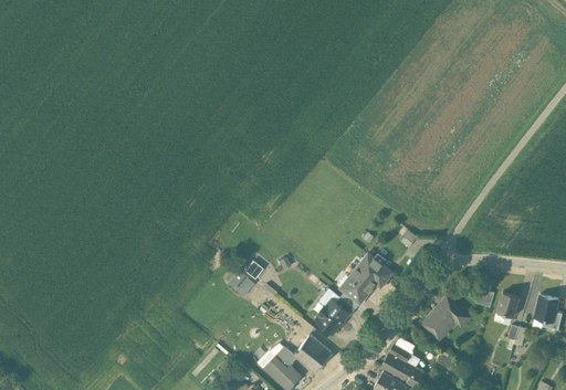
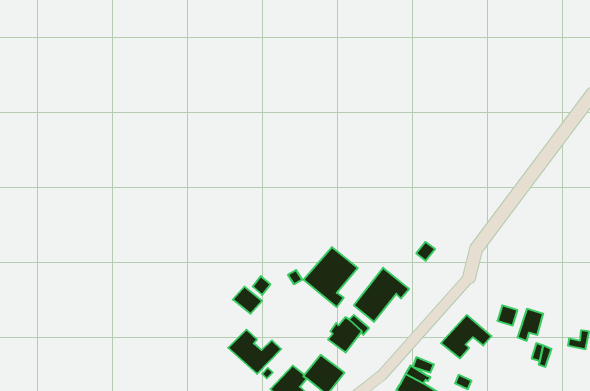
building: none -> [303,247,358,307]
building: [534,295,557,322] -> none
building: none -> [228,330,281,374]

